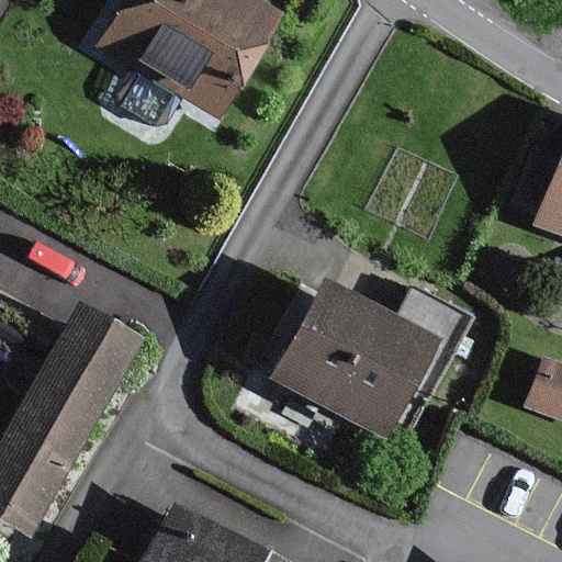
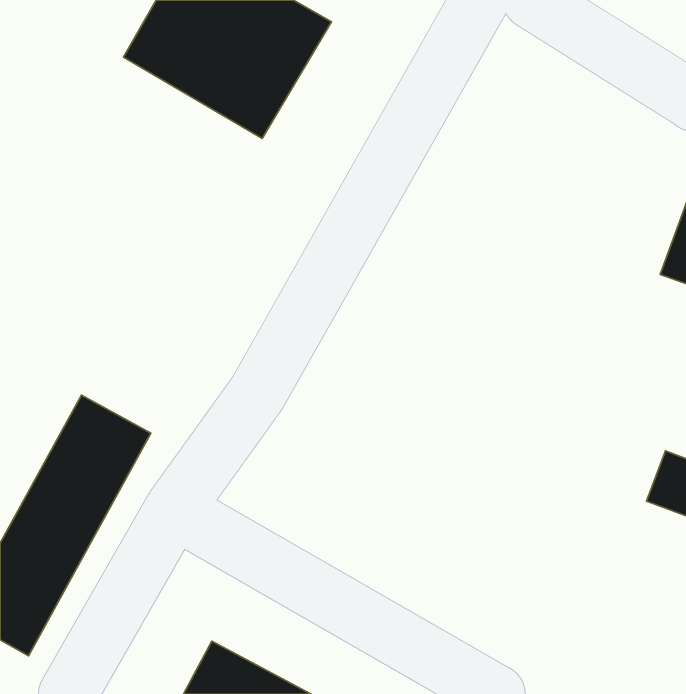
building: [273,293,427,434] -> none

